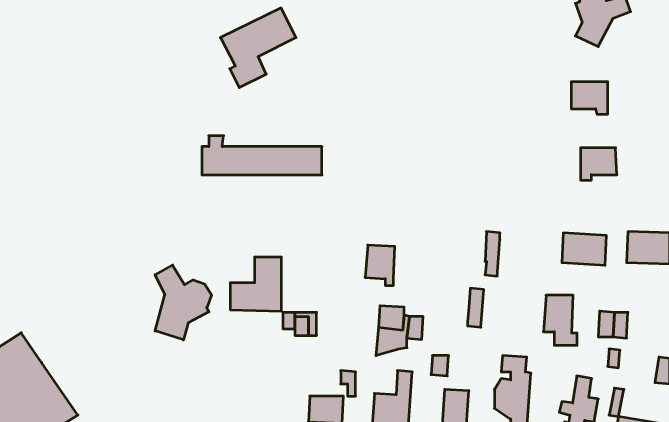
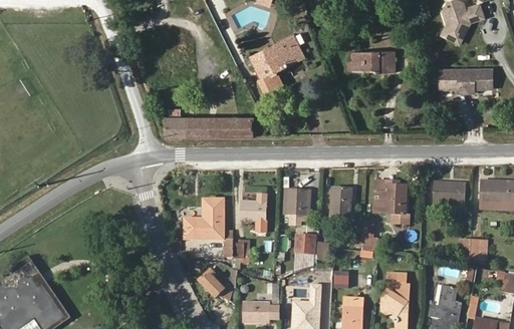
building: [220,8,296,88] -> [249,35,305,94]
building: none -> [350,51,395,73]
building: [581,148,617,180] -> [466,69,493,93]
building: none -> [329,188,350,221]
building: none -> [240,195,266,233]
building: [155,265,212,340] -> none
building: [543,295,577,345] -> [383,187,409,224]
building: none -> [199,272,233,301]

